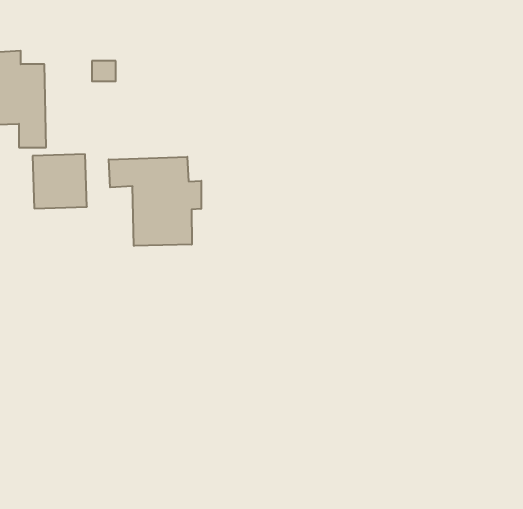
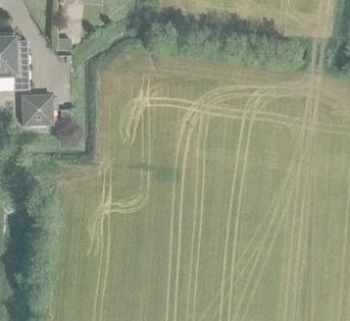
building: [109,157,201,246] -> none

